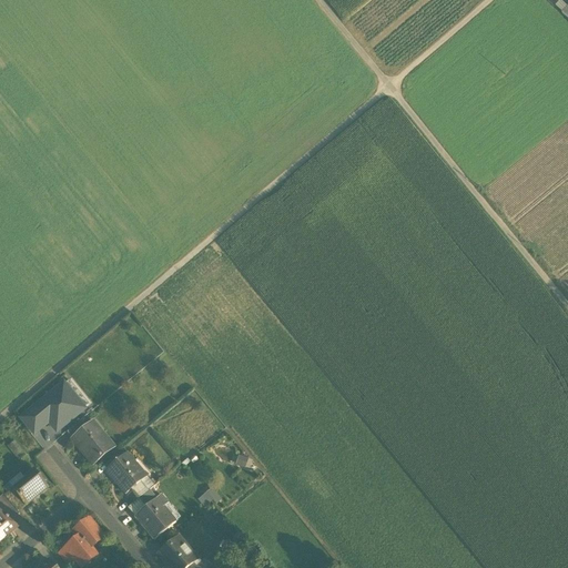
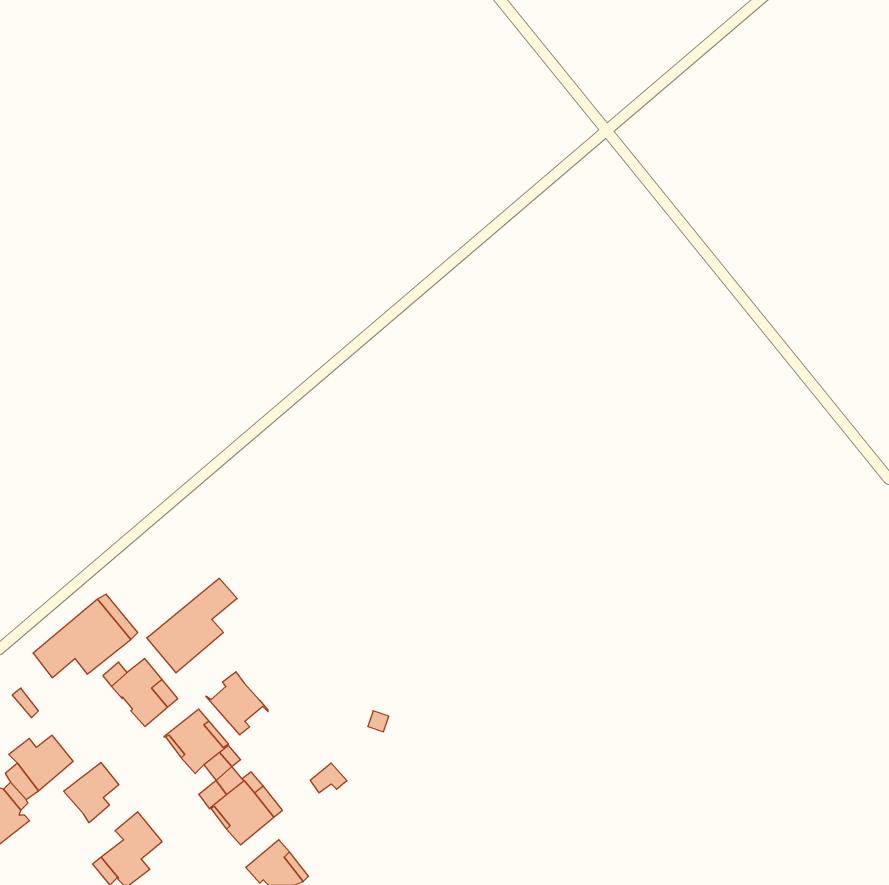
building: none -> [147,578,237,673]
building: none -> [206,672,268,735]
building: none -> [64,762,119,823]

